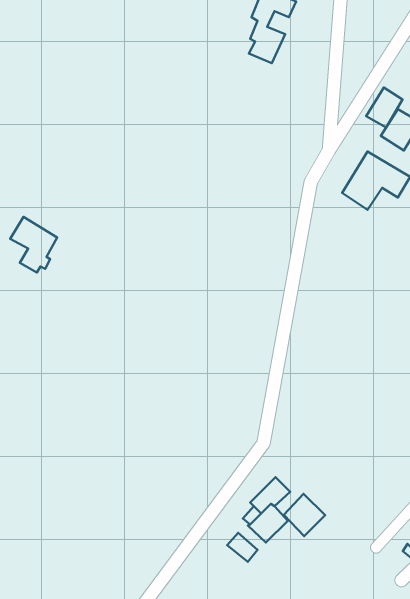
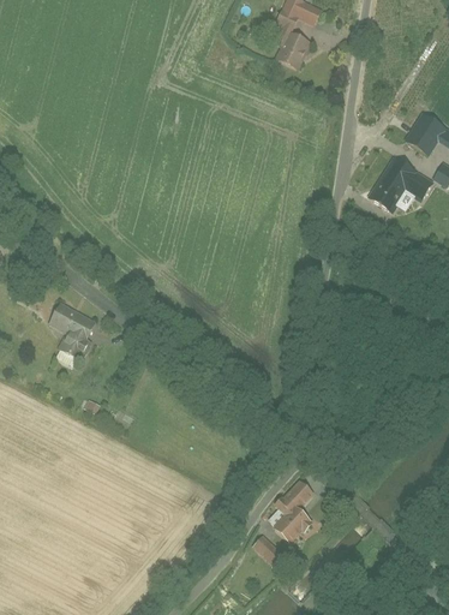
building: [366,87,403,128] -> none
building: [10,217,57,273] -> [49,301,96,357]
building: [284,494,325,536] -> none

